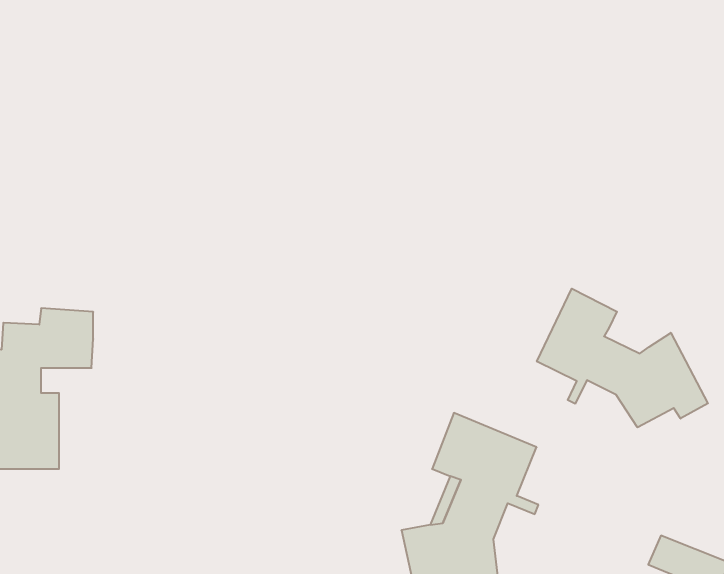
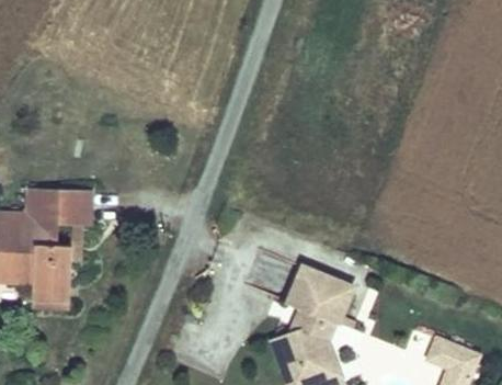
building: [537,289,708,427] -> none

